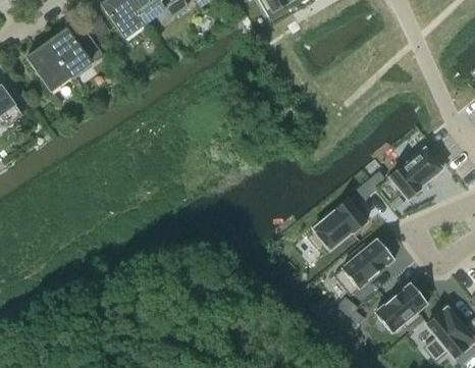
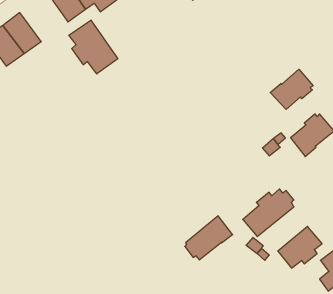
building: none -> [69,20,118,74]
building: none -> [270,69,313,109]
building: [309,199,366,252] -> [185,216,233,260]

